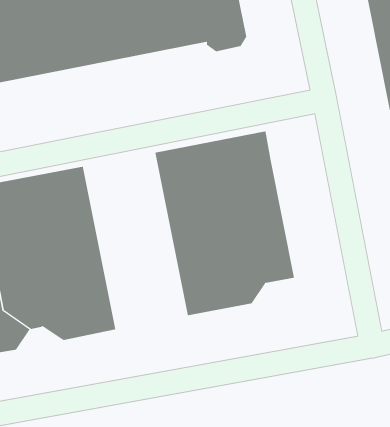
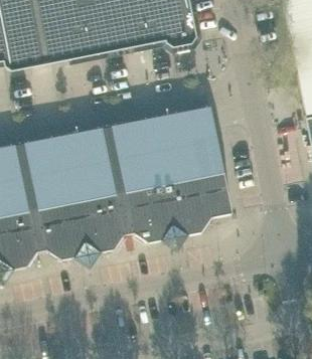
building: none -> [75,121,152,251]

